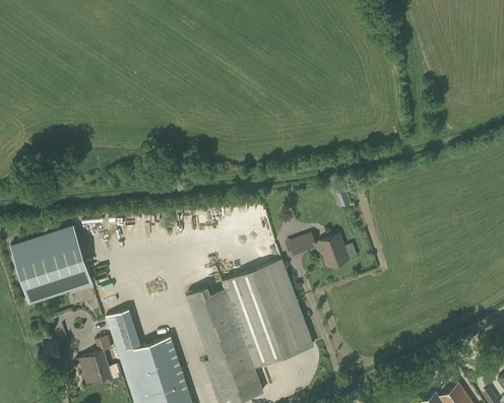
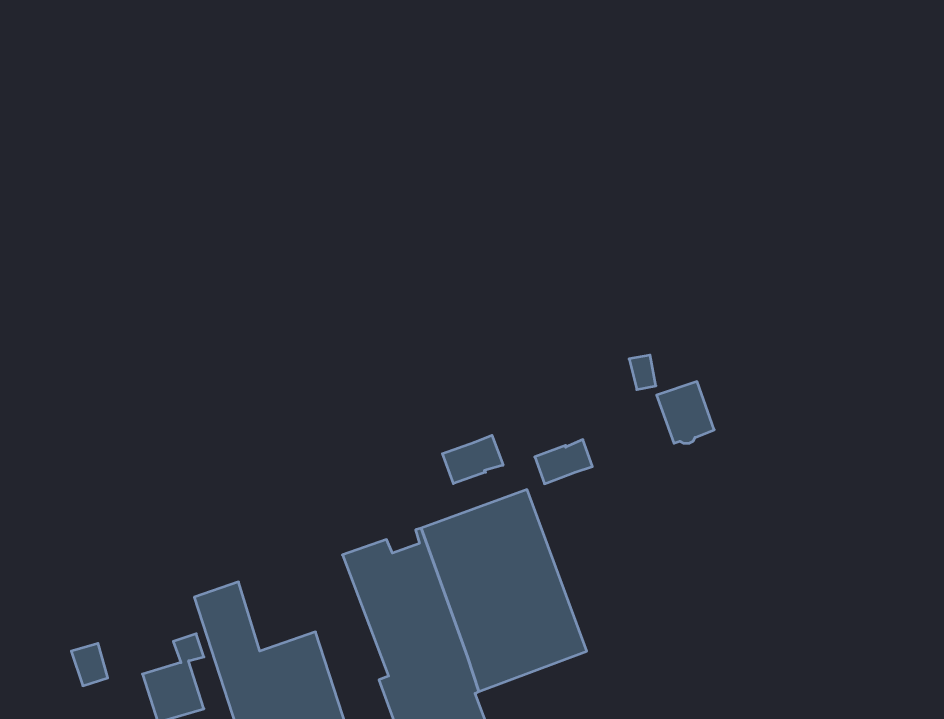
building: [11,225,92,304] -> none
building: none -> [442,435,503,484]
building: [319,236,350,268] -> [657,382,714,443]

